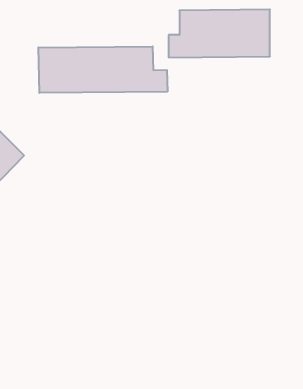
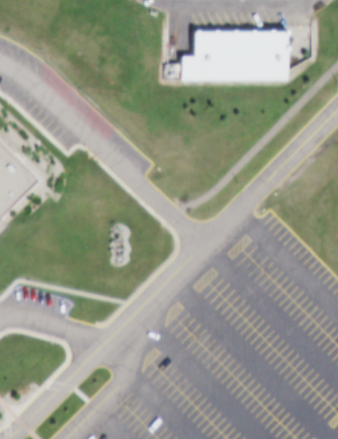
building: [38,46,167,93] -> none

